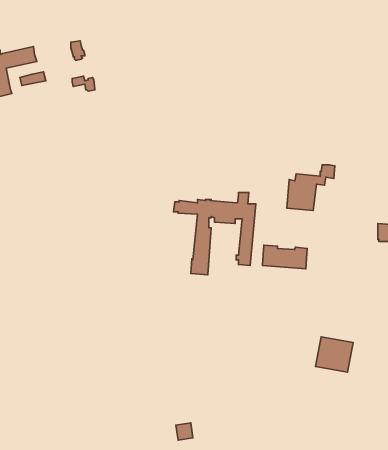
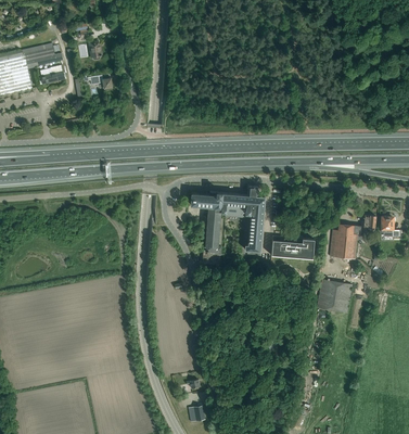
building: [287,165,335,210] -> [330,215,375,258]
building: [315,337,353,372] -> [317,279,353,312]

